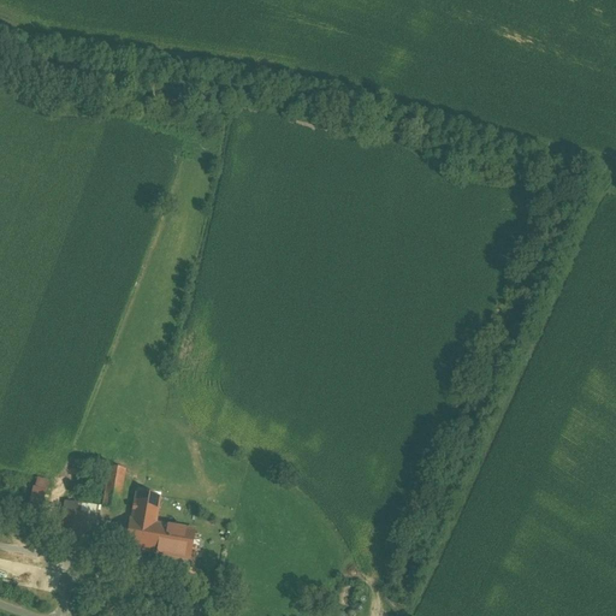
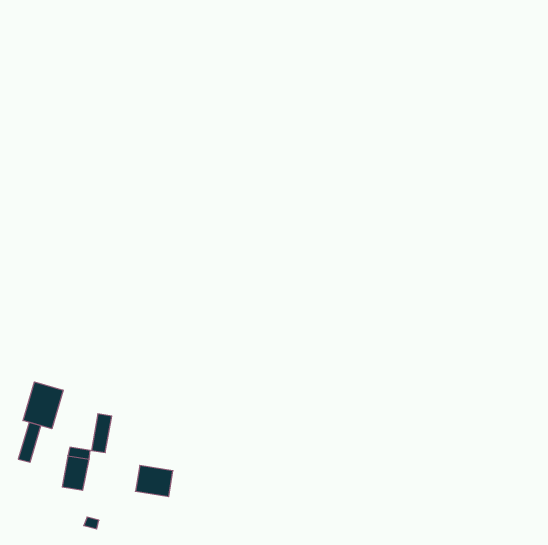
building: none -> [23,382,63,429]
building: [126,490,161,550] -> none

